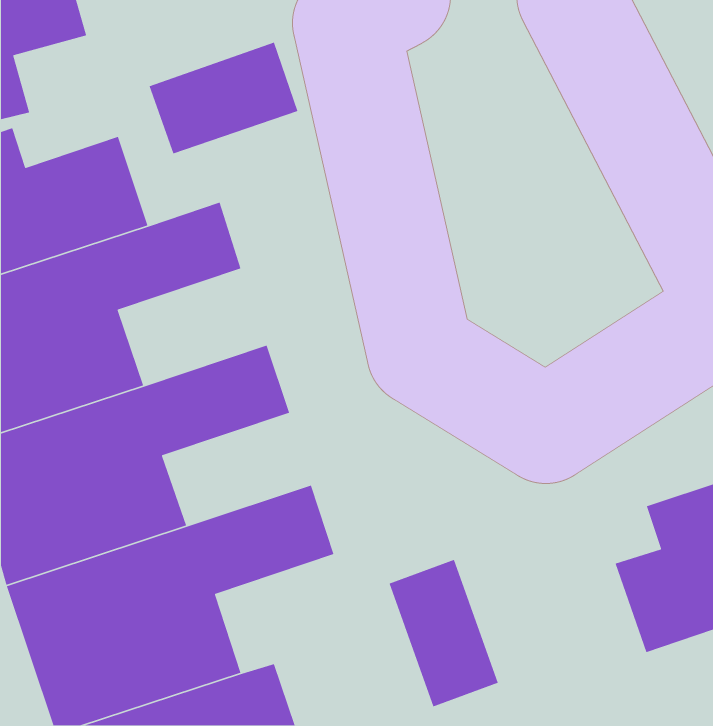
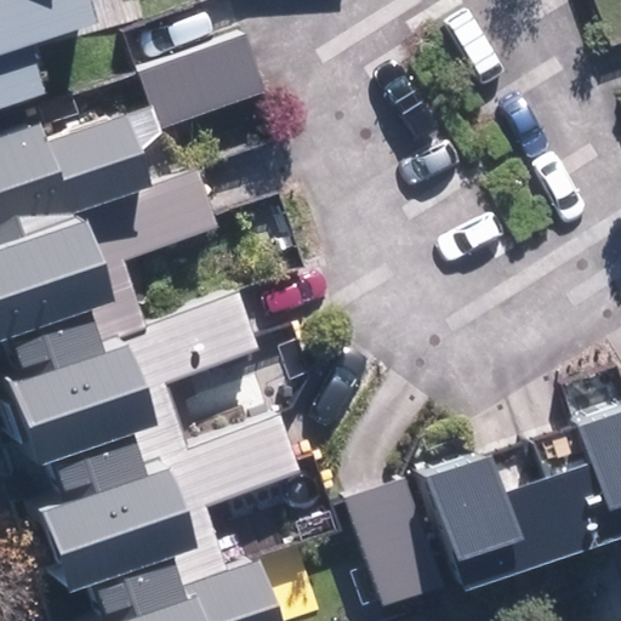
building: none -> [411,450,563,591]

